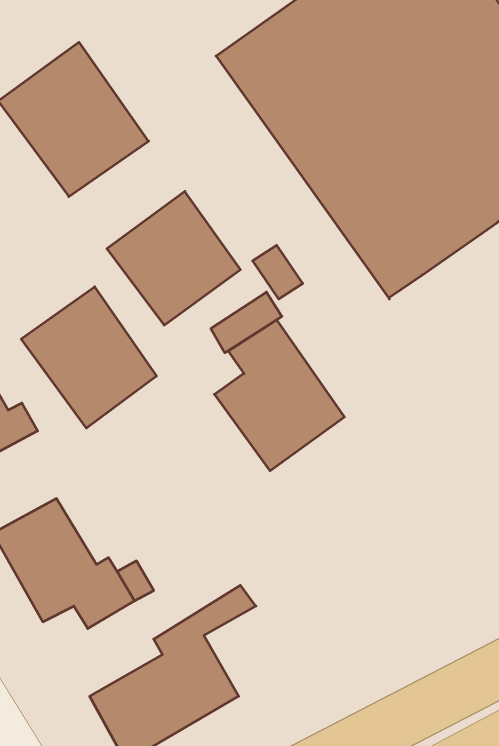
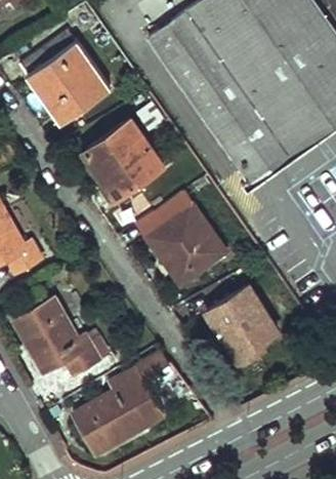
building: [21,287,156,428] -> none
building: none -> [206,289,275,365]

